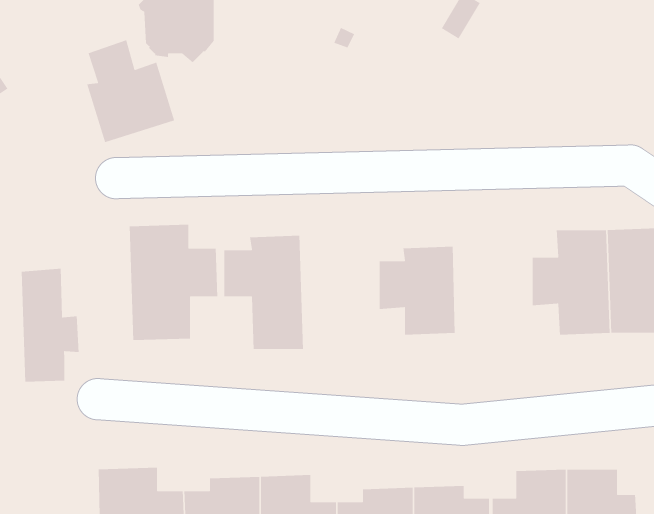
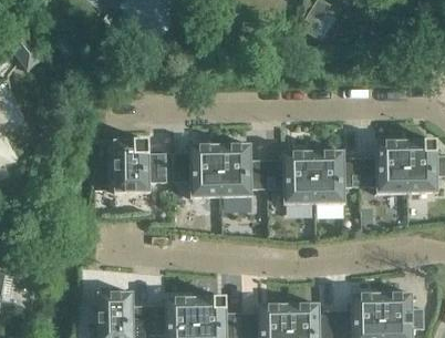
building: [86,39,175,143] -> none
building: none -> [219,146,267,216]
building: none -> [312,152,360,206]
building: [21,268,80,383] -> none

